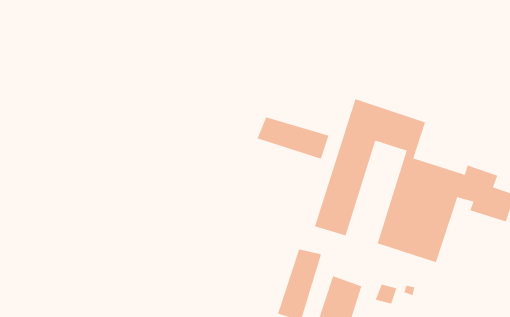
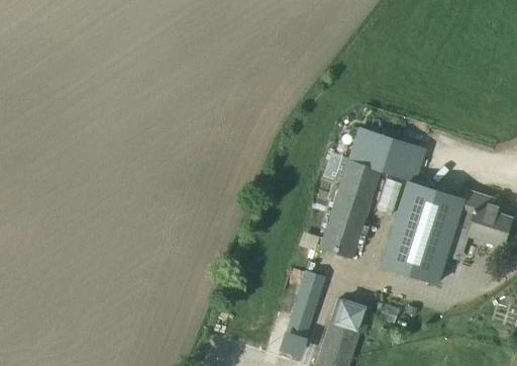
building: [257,117,329,160] -> none

